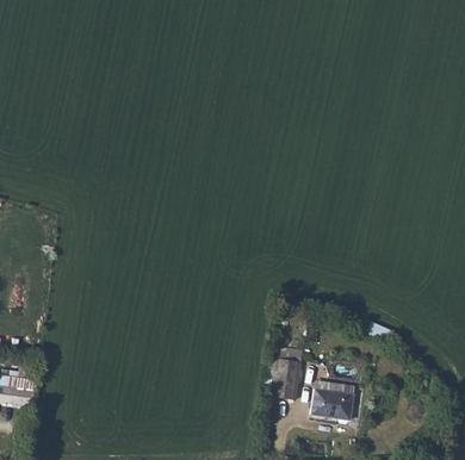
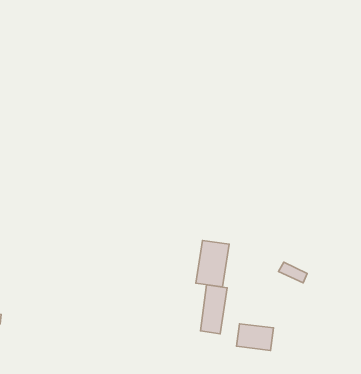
building: none -> [196,240,229,287]

